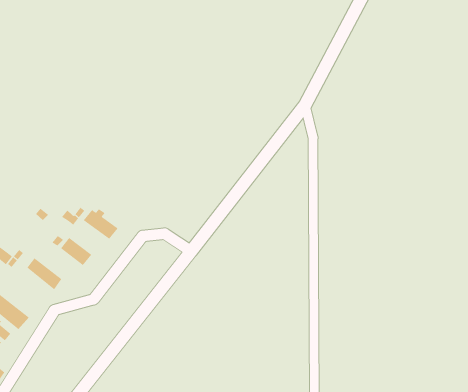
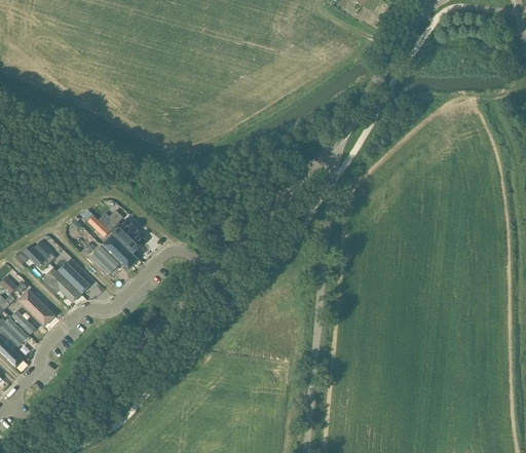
building: none -> [100,232,138,269]
building: none -> [44,266,79,302]

